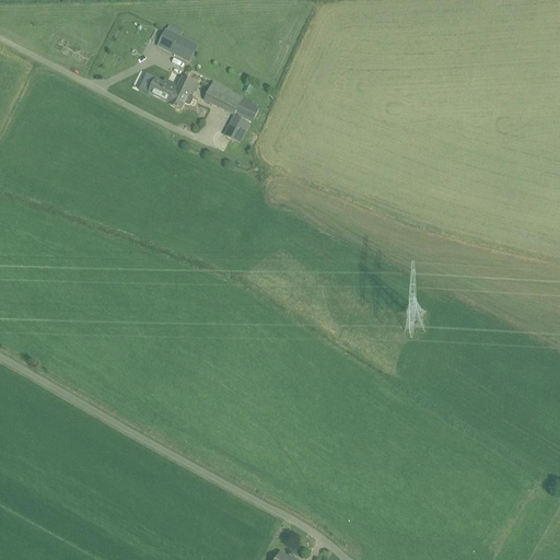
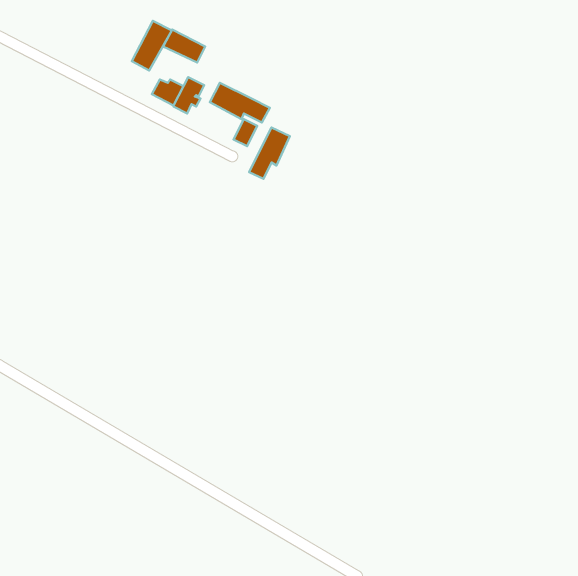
building: none -> [132,21,172,71]
building: none -> [249,128,290,179]

